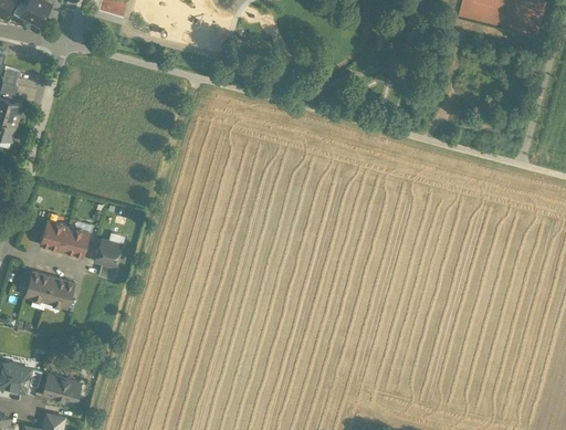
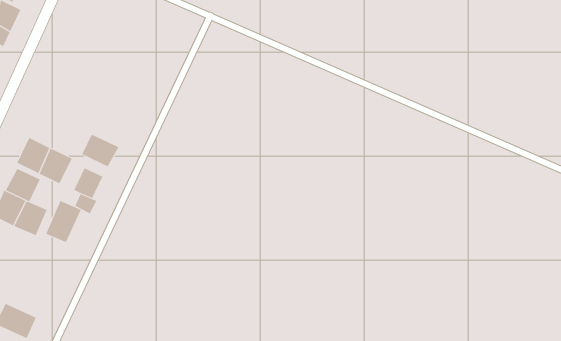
building: none -> [81,134,119,167]
building: none -> [5,168,41,202]
building: none -> [46,200,82,243]

